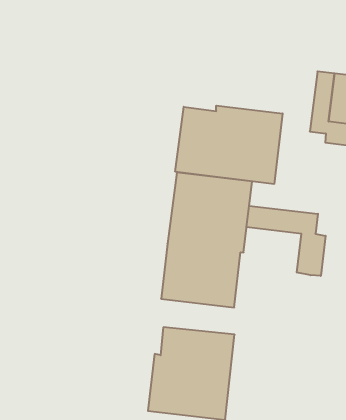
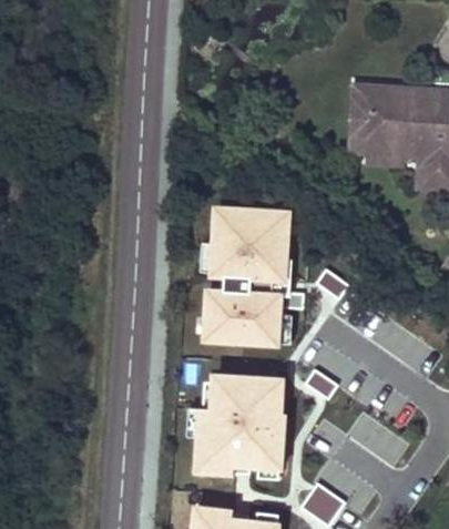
building: [175,106,283,184] -> none
building: [247,206,326,276] -> none

